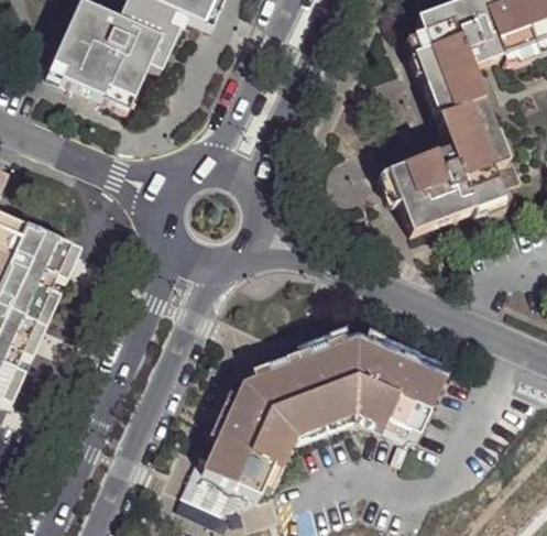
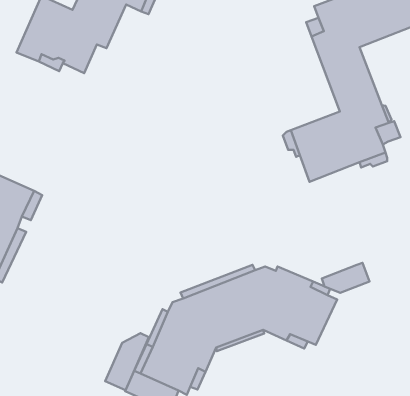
building: none -> [322,263,369,293]
building: none -> [105,333,149,390]

